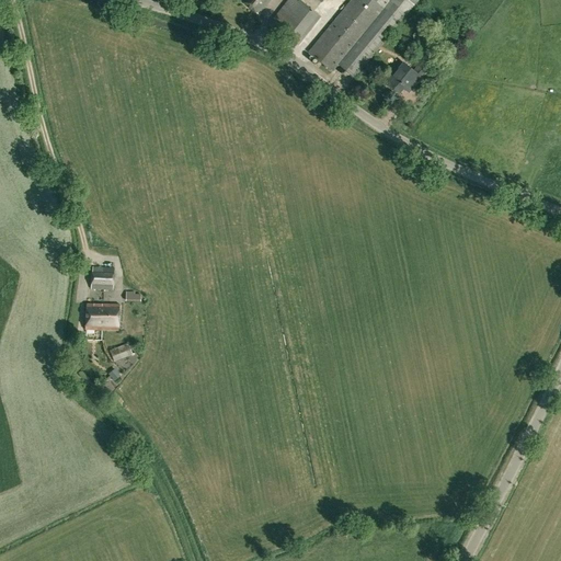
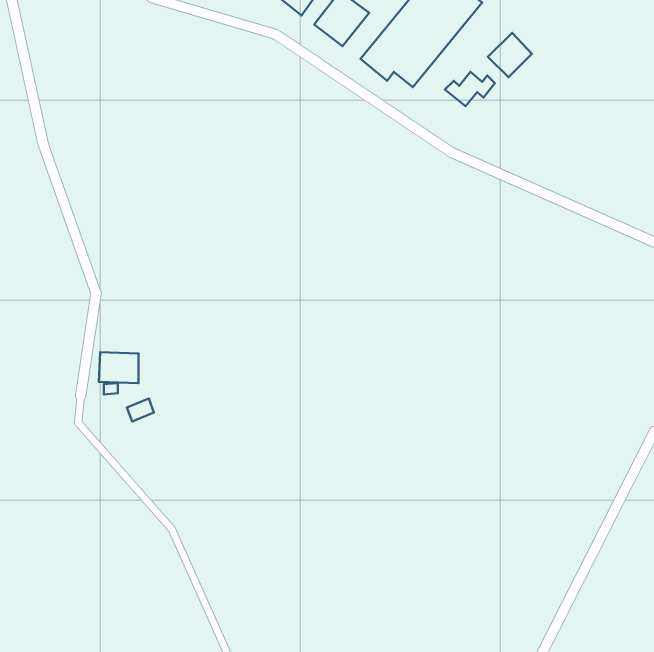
building: none -> [488,33,532,77]
building: [90,265,114,287] -> none

